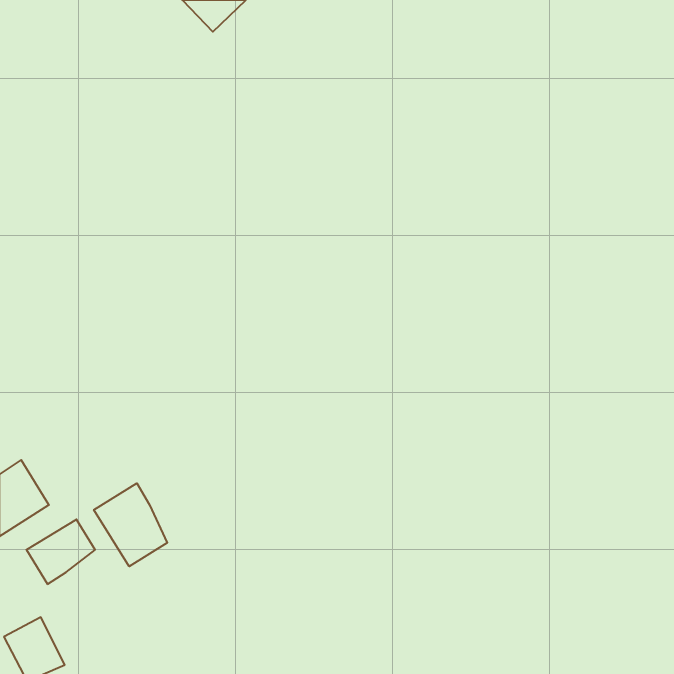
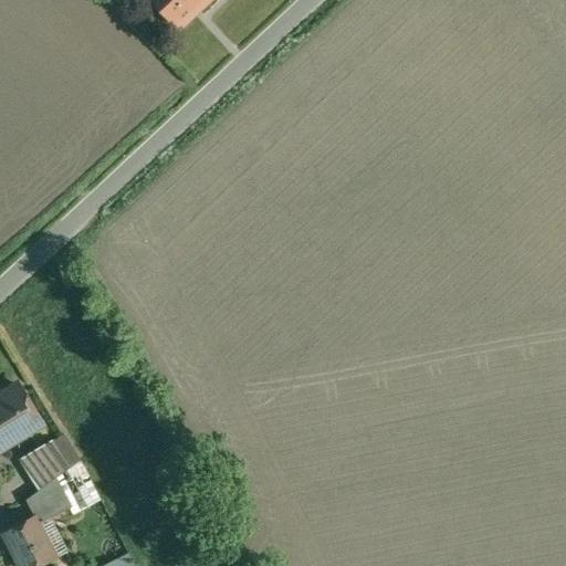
building: [94,483,167,566] -> none
building: none -> [30,480,67,517]

